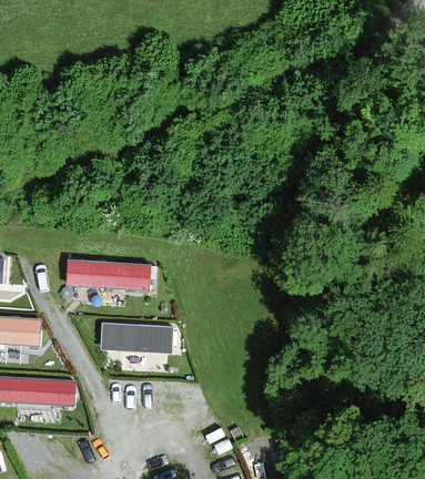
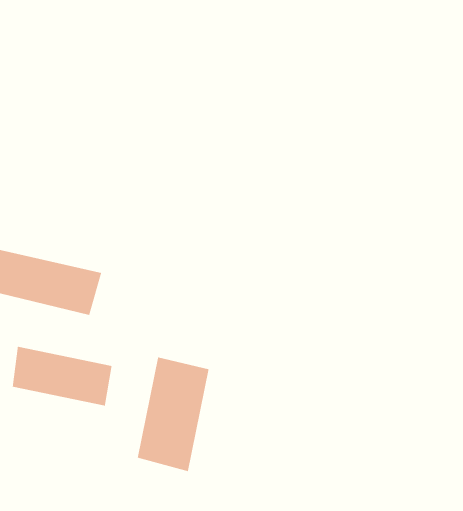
building: none -> [137,357,210,472]

